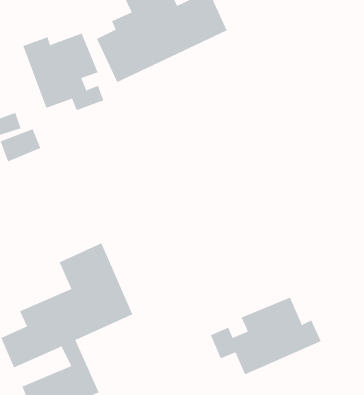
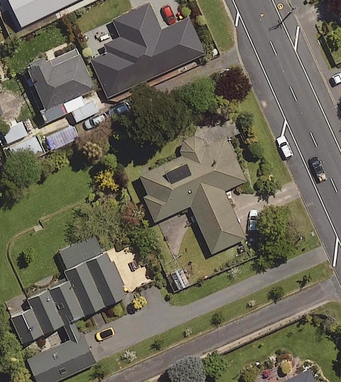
building: none -> [139,121,246,254]
building: [210,297,321,375] -> none

